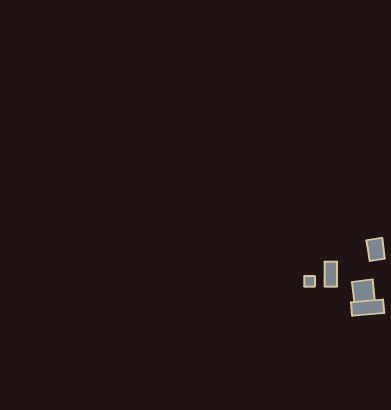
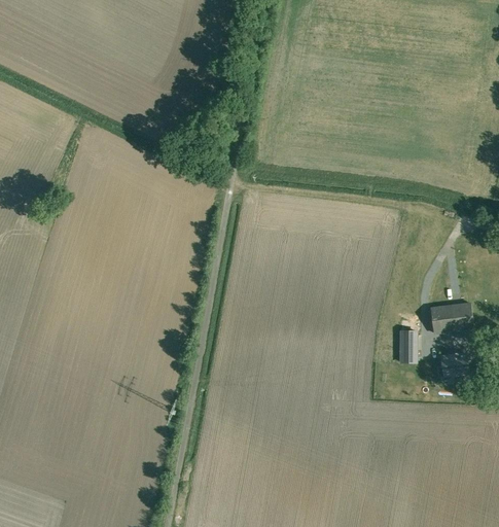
building: none -> [431,310,454,330]
building: [351,299,384,316] -> none

